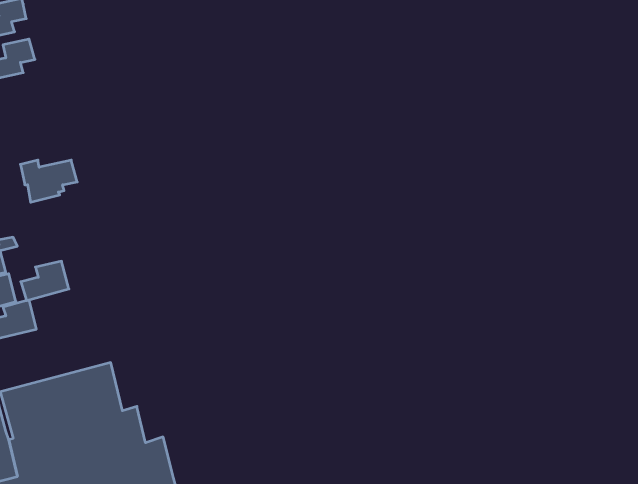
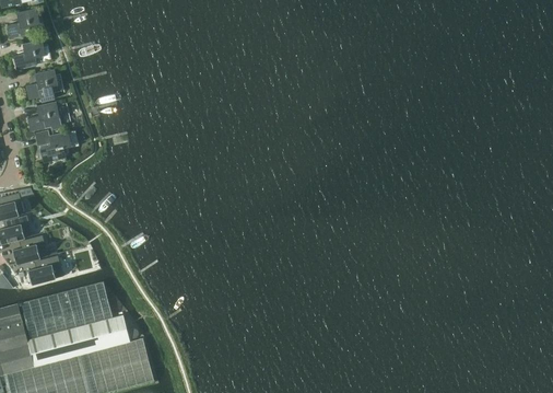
building: none -> [25,67,59,101]
building: none -> [28,102,70,131]
building: [21,261,69,301] -> [26,255,62,285]

